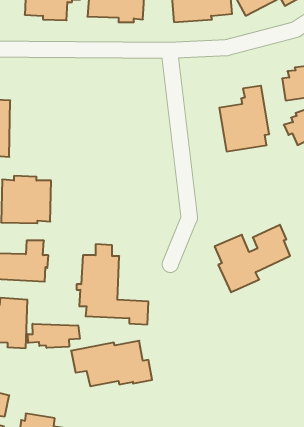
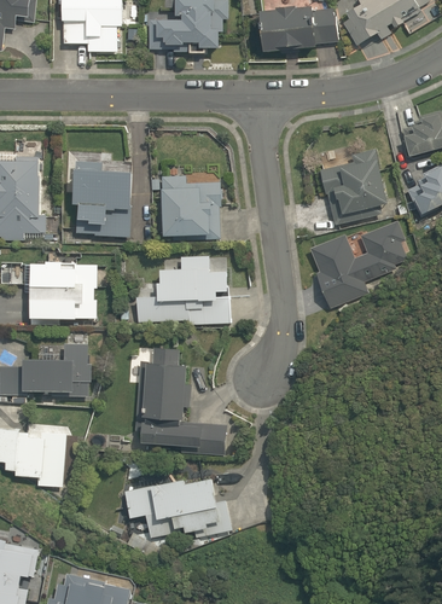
building: none -> [75,161,134,237]
building: none -> [161,170,221,236]
building: none -> [136,256,229,324]
building: [215,225,290,292] -> [308,220,408,309]
building: [28,324,80,348] -> none

